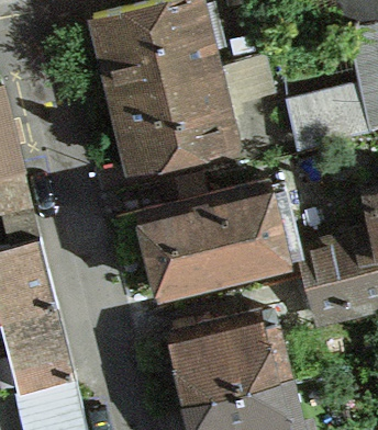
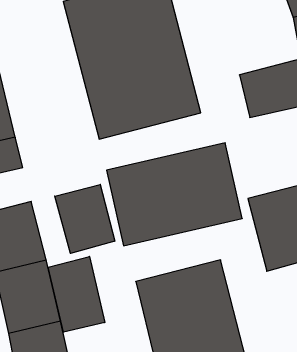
building: none -> [55,184,115,253]
building: none -> [48,256,105,332]

